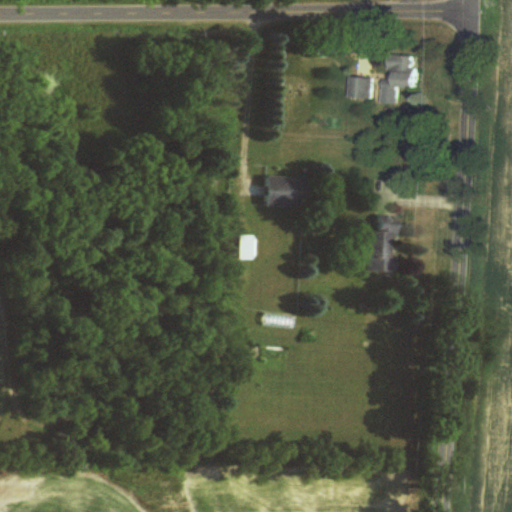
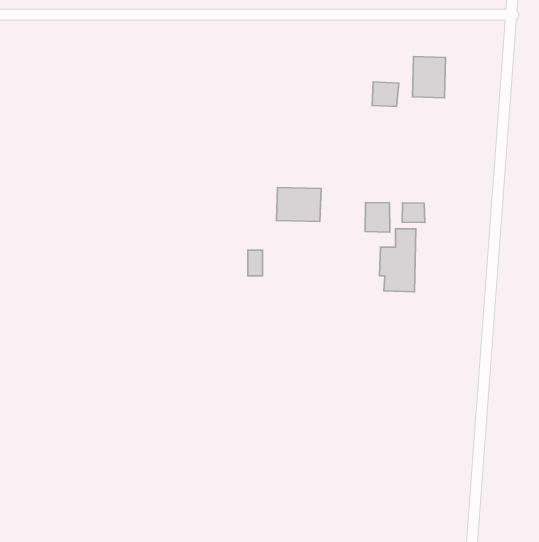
building: none -> [365,203,390,232]
building: none -> [402,203,425,223]

